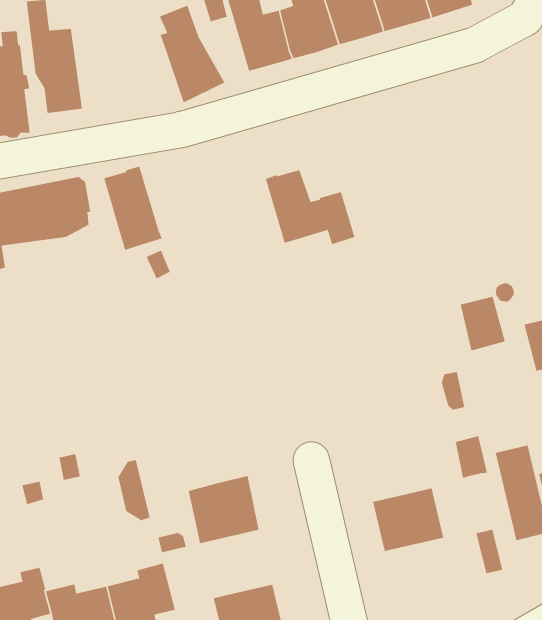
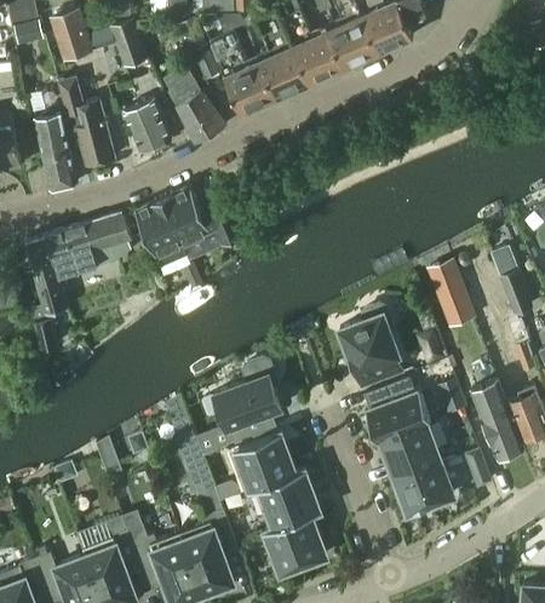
building: none -> [122,98,170,153]
building: [265,169,356,245] -> [164,188,241,248]
building: none -> [339,305,402,387]
building: none -> [213,358,281,443]
building: none -> [363,378,430,442]
building: none -> [258,471,320,529]
building: none -> [394,463,453,513]

